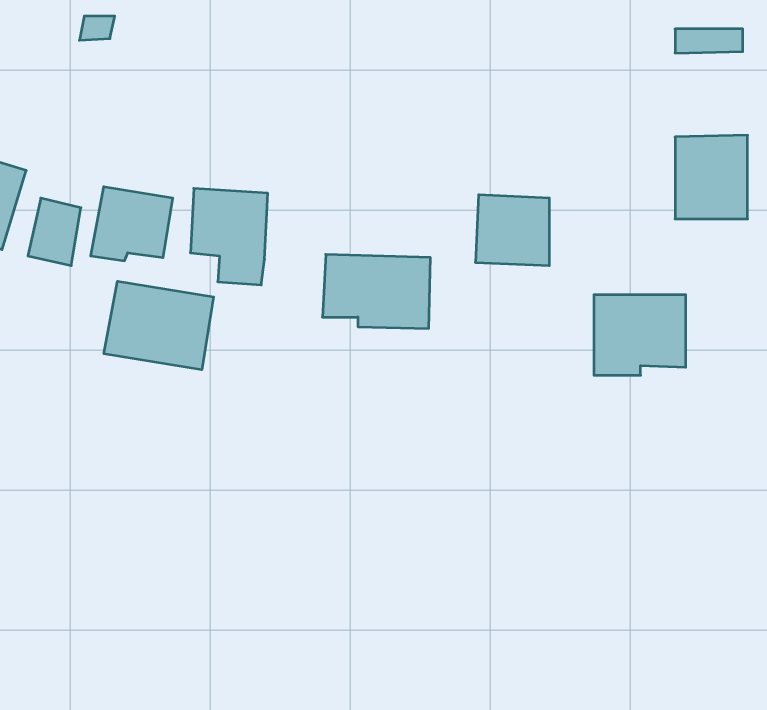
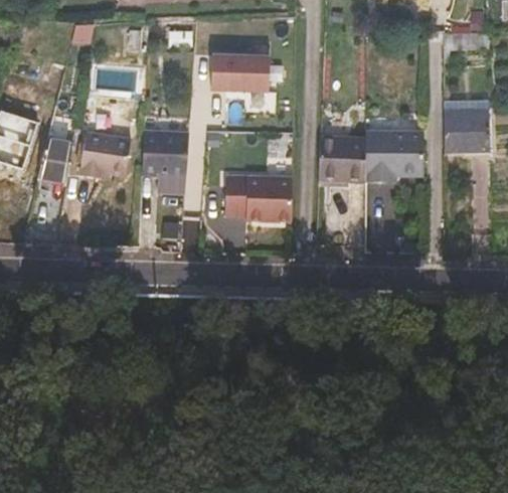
building: none -> [211,54,270,91]
building: [104,281,214,370] -> none
building: [594,295,686,375] -> [365,131,422,181]

